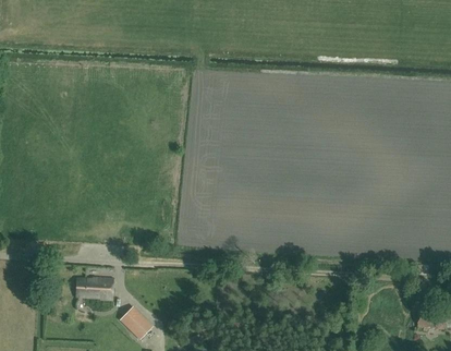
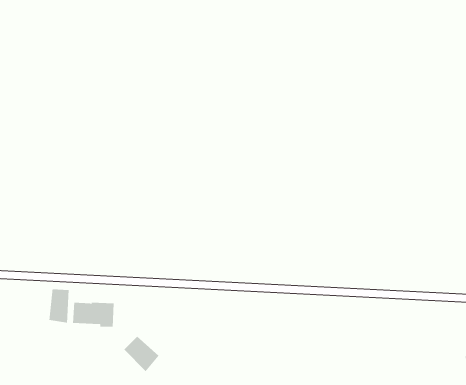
building: none -> [49,288,69,323]

